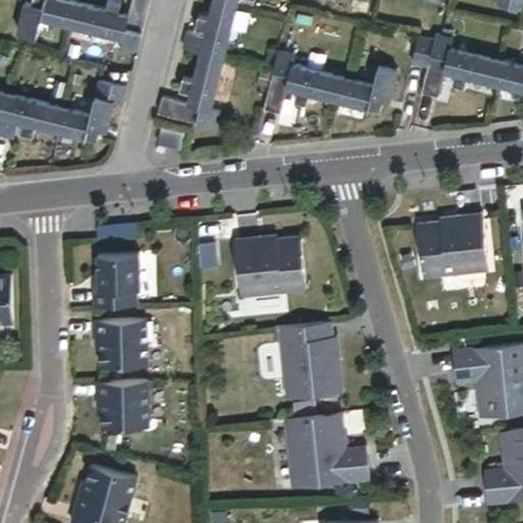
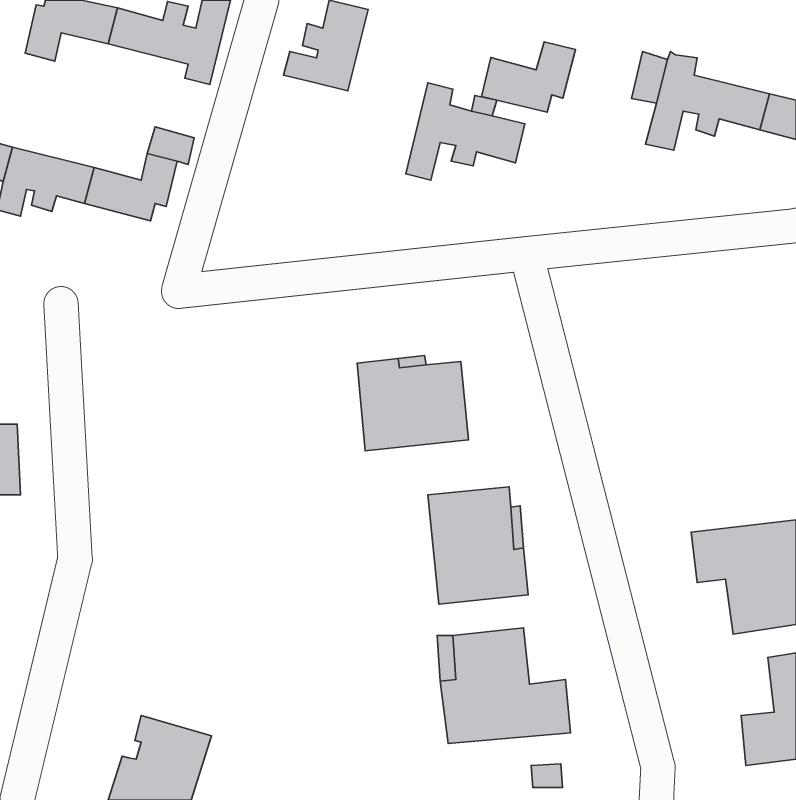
building: [159,53,227,129] -> none
building: [336,70,397,116] -> [481,42,575,112]
building: [417,210,486,276] -> none
building: [94,255,142,307] -> none
building: [94,321,147,371] -> none
building: [96,382,148,431] -> none

